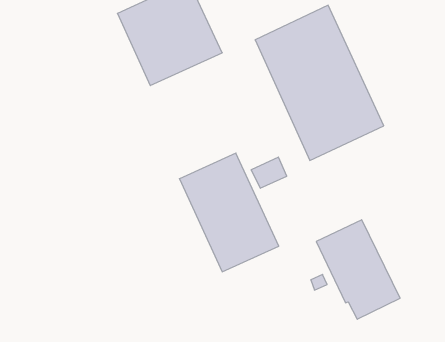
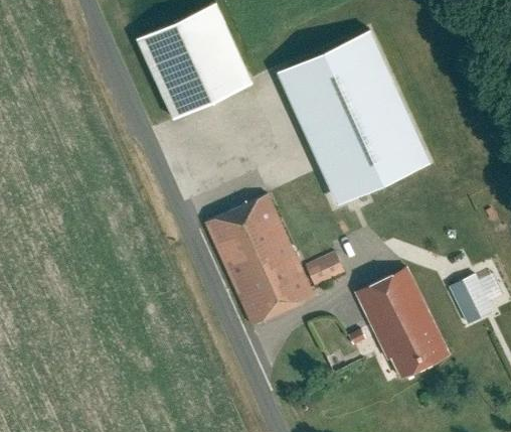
building: [251,157,287,188] -> [306,251,345,285]
building: none -> [449,275,492,323]

